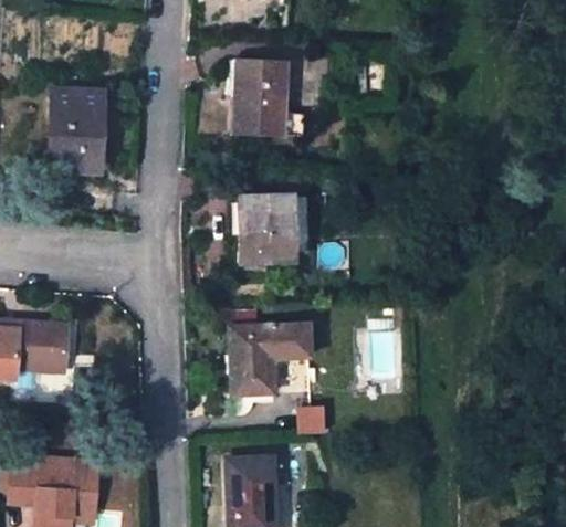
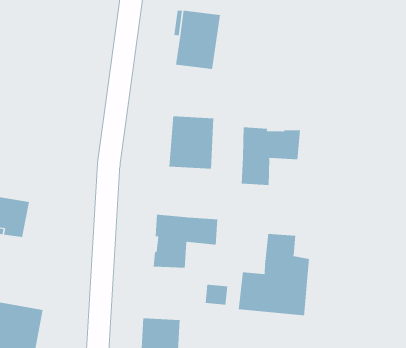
building: [51,89,105,168] -> none
building: none -> [241,127,300,186]
building: none -> [238,233,309,316]

